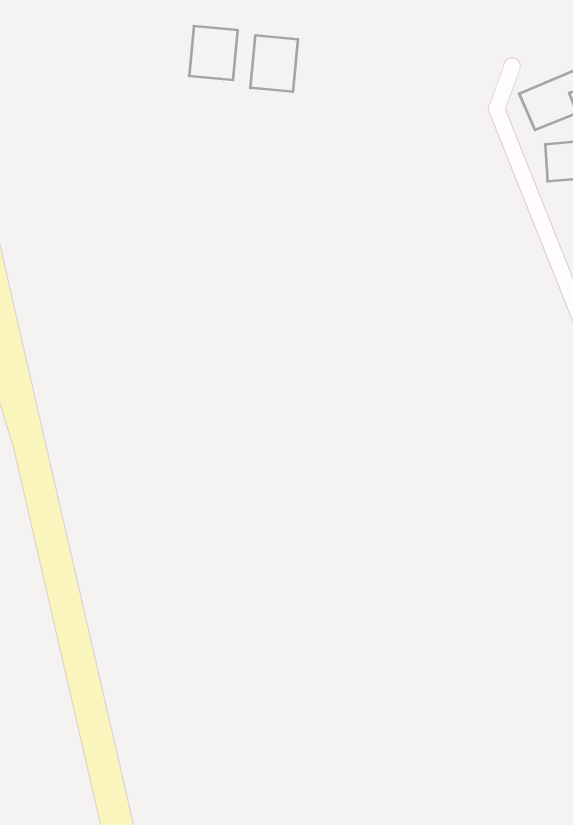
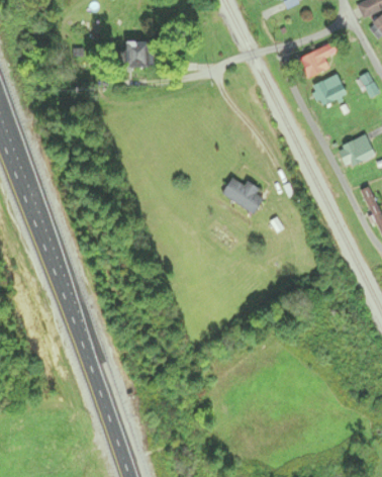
building: [250,35,298,92] -> none
building: none -> [221,176,266,213]

